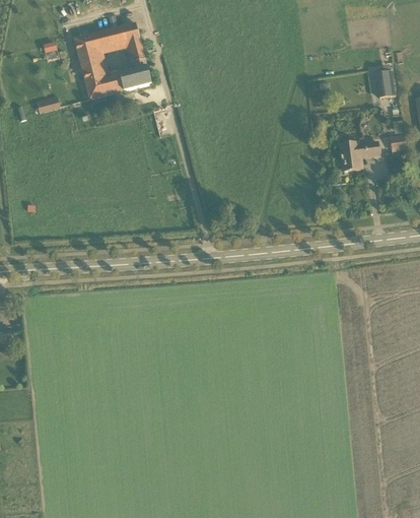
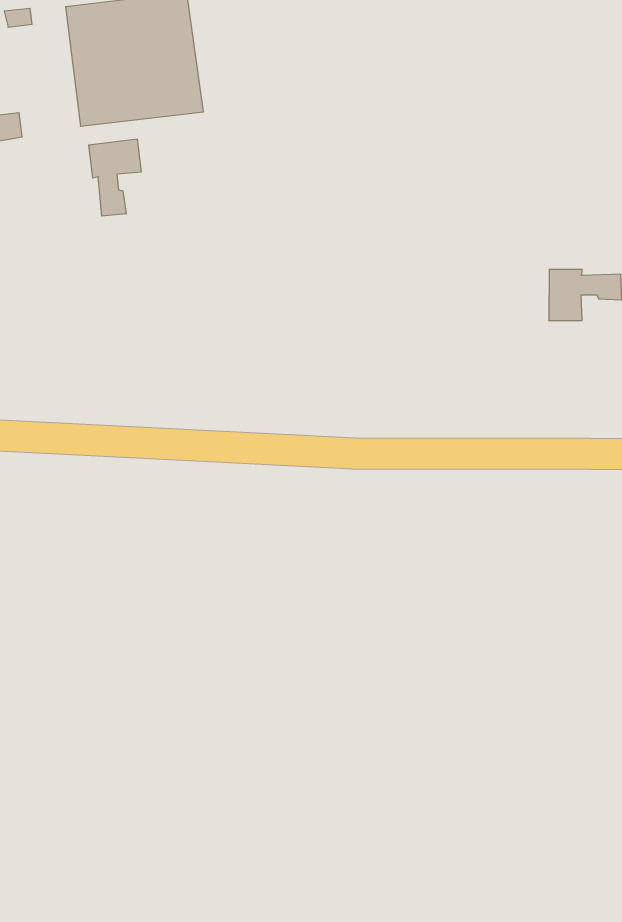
building: none -> [89,139,141,216]

